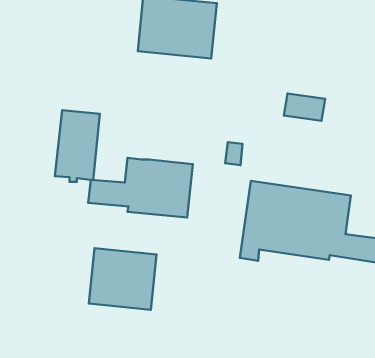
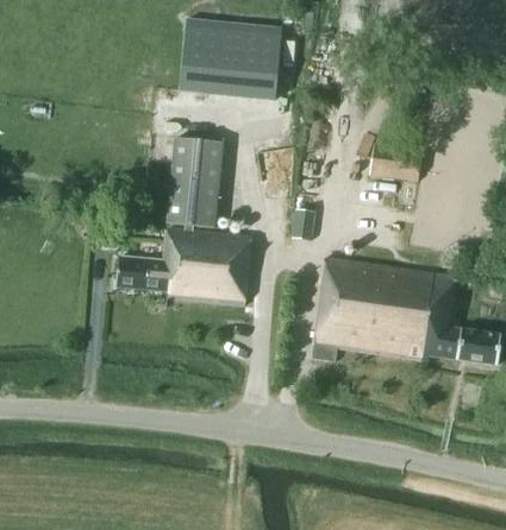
building: [55,110,100,182] -> [165,137,224,229]
building: [89,248,156,310] -> none

